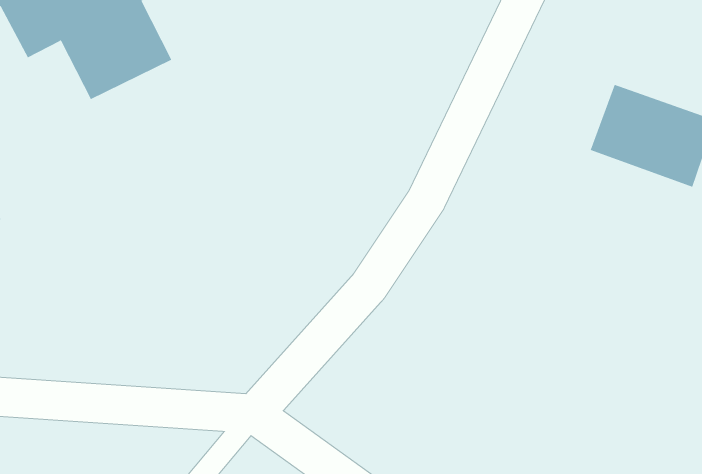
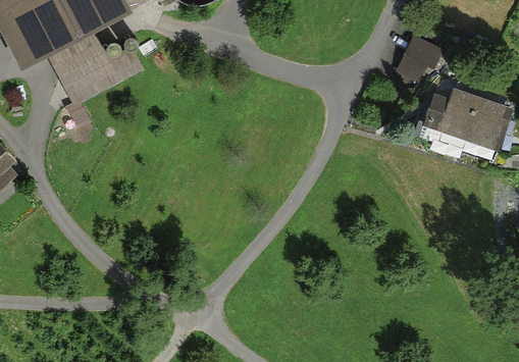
building: none -> [393,38,436,85]

